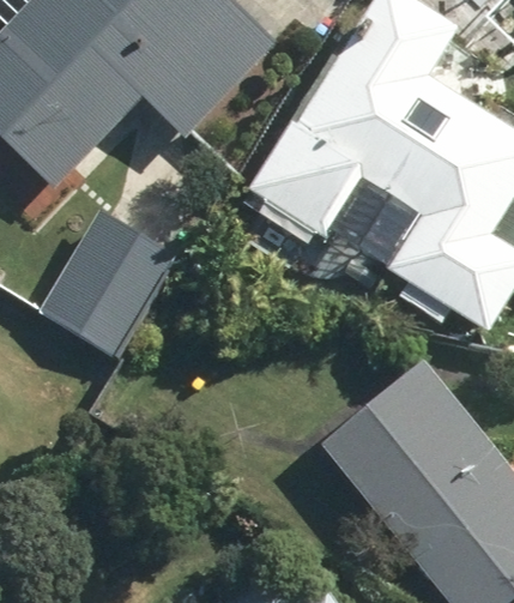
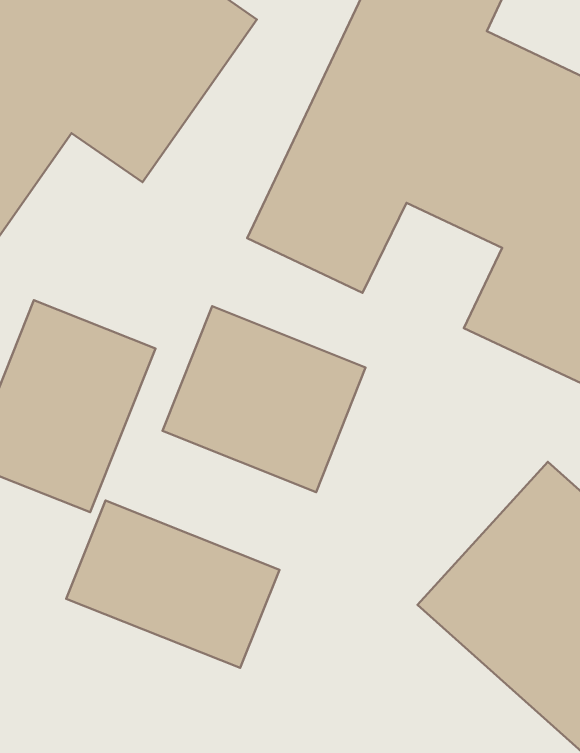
building: none -> [163,306,366,492]
building: none -> [66,501,280,668]

